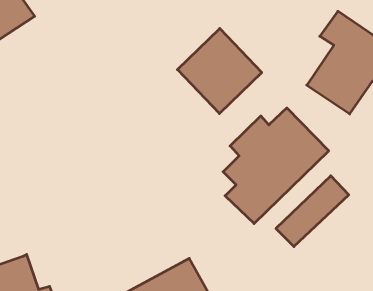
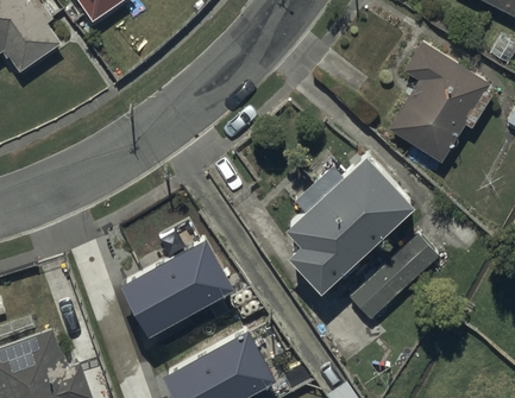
building: [177,28,262,114] -> none
building: none -> [125,242,233,337]

